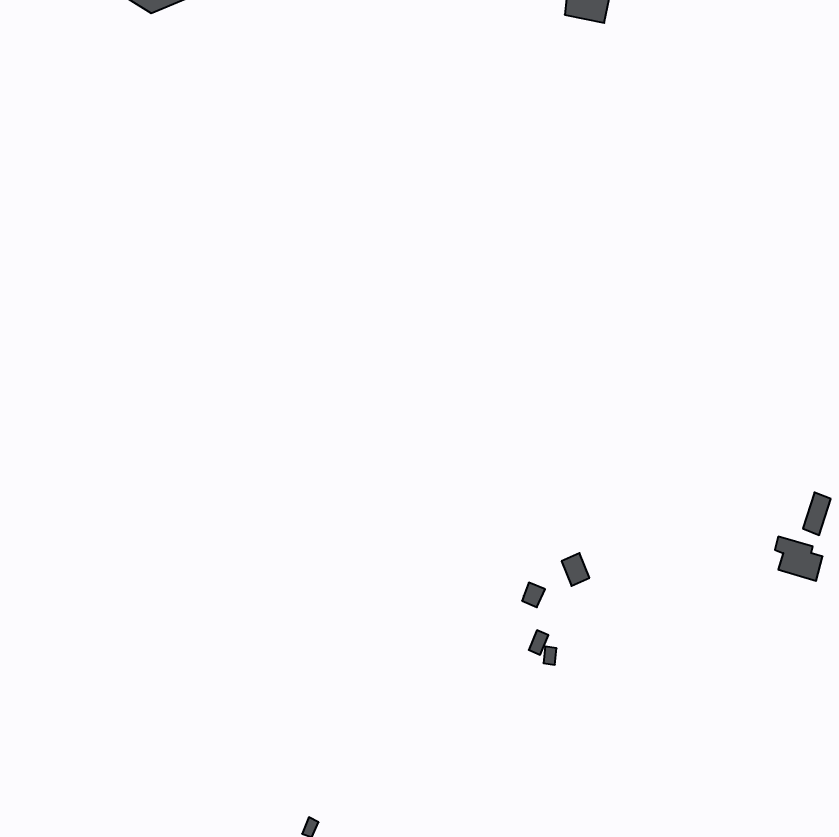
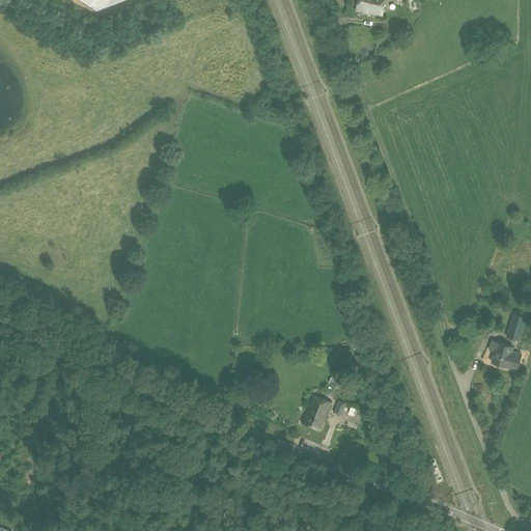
building: none -> [303,394,331,427]

